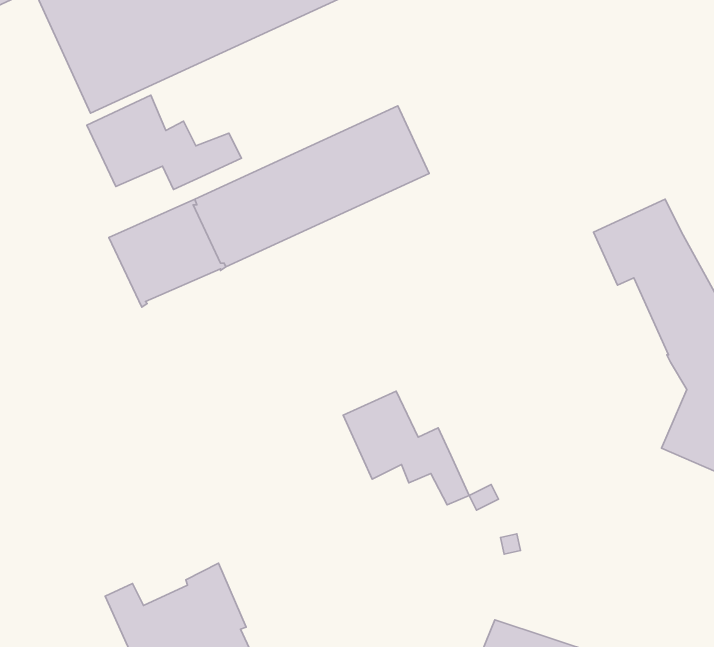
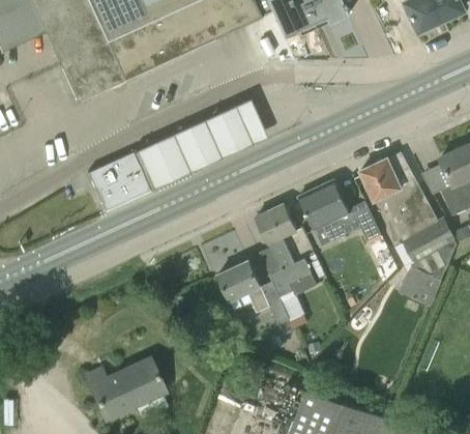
building: [87,95,241,189] -> none
building: none -> [298,179,381,240]
building: none -> [256,203,312,296]

